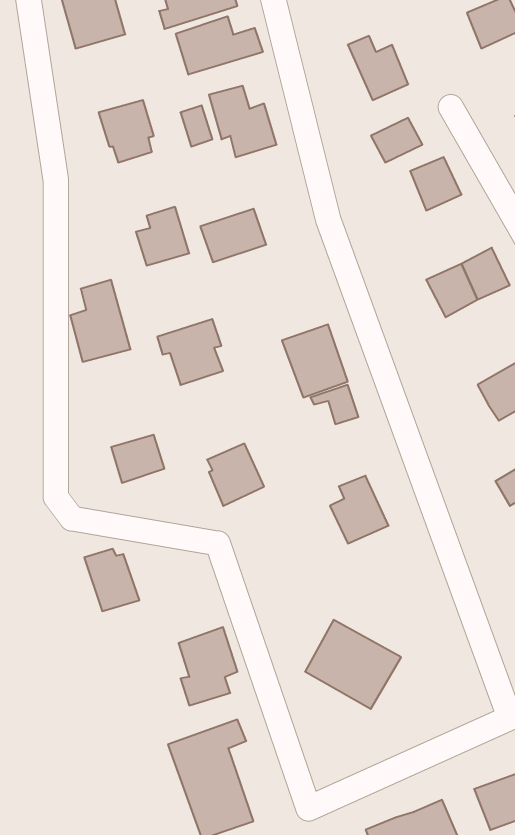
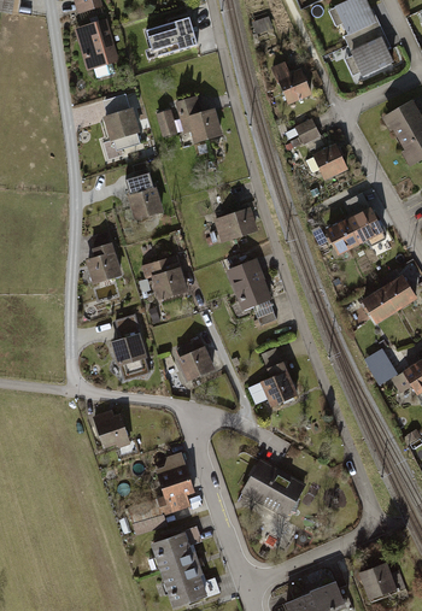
building: [176,16,263,75] -> none
building: [200,209,266,262] -> [215,207,259,243]

